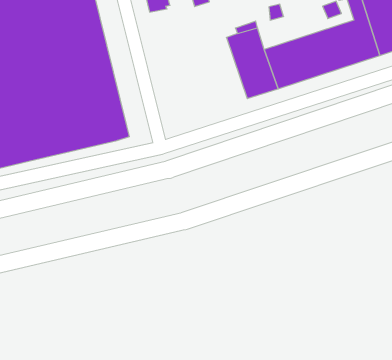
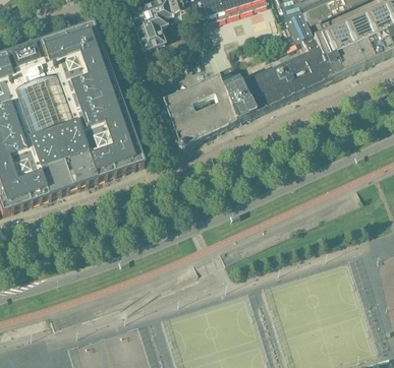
building: none -> [164,75,234,146]

